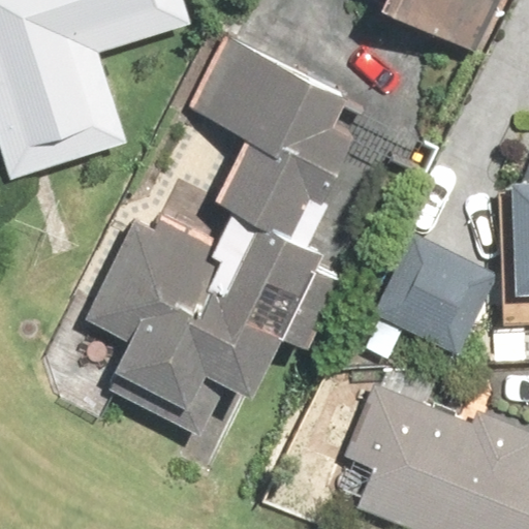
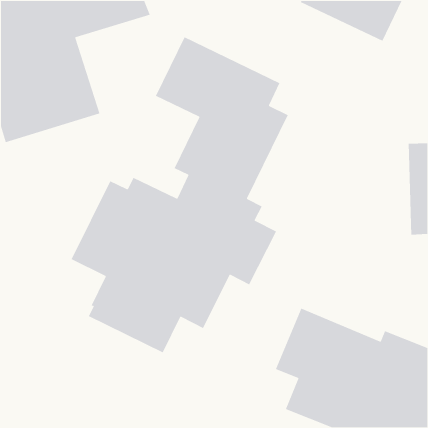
building: [368,225,498,353] -> none

